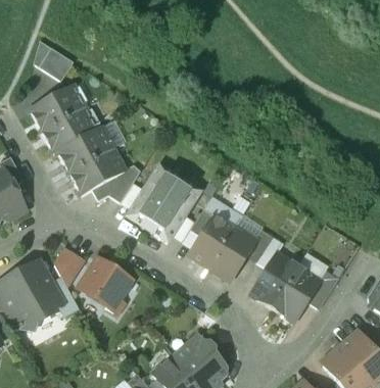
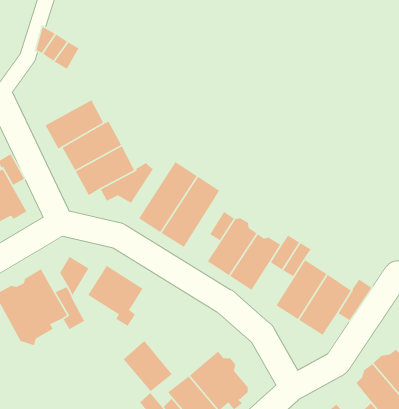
building: [30,85,85,131] -> none
building: none -> [123,340,173,392]

